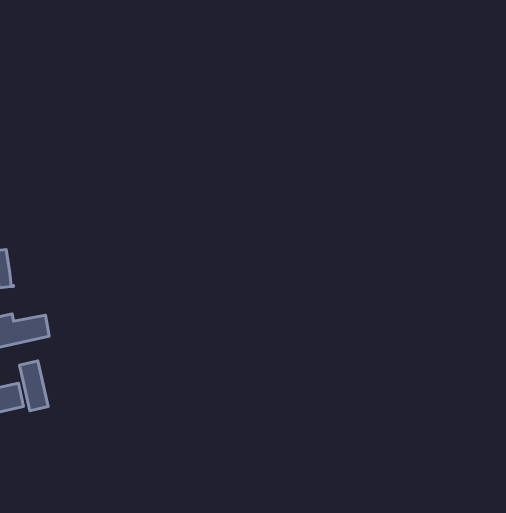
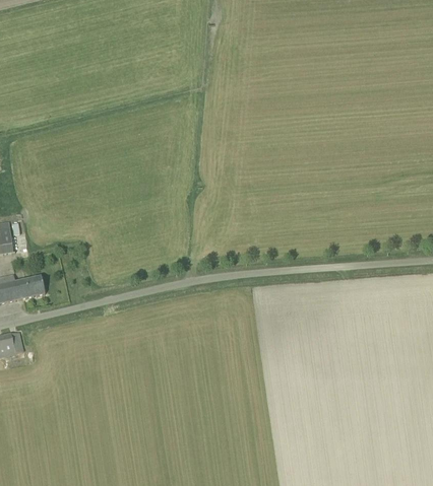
building: [20,361,48,411] -> none

